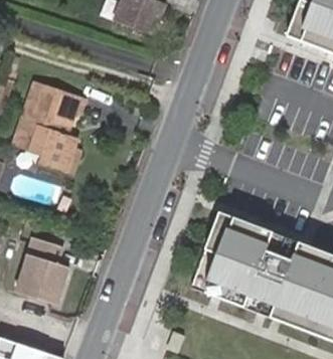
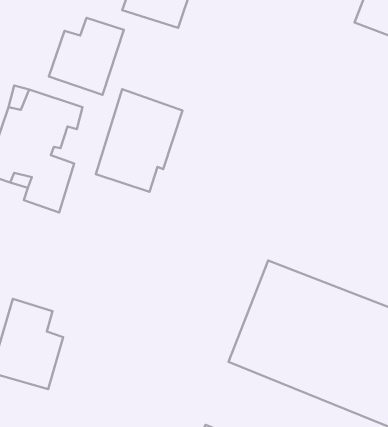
building: none -> [49,18,124,95]
building: none -> [96,89,183,192]

